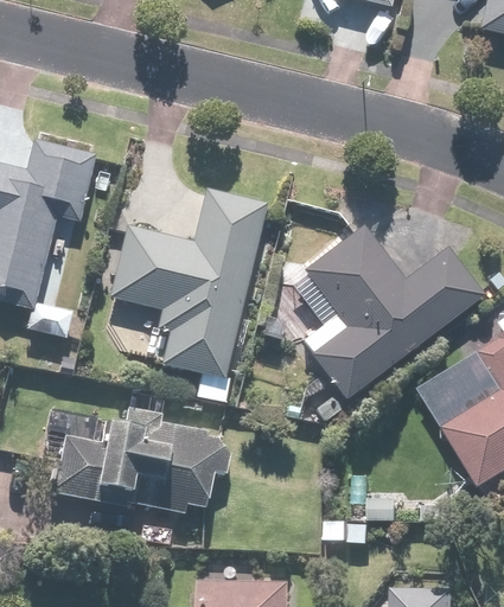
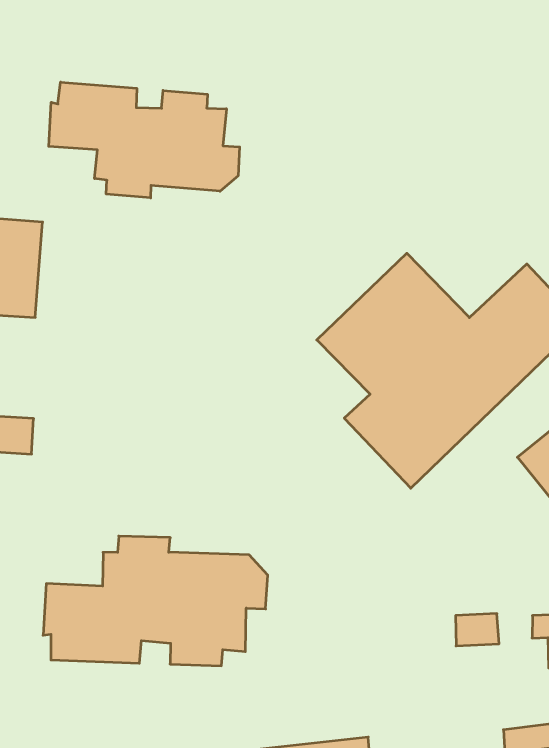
building: none -> [49,82,240,198]
building: [111,190,266,403] -> none

